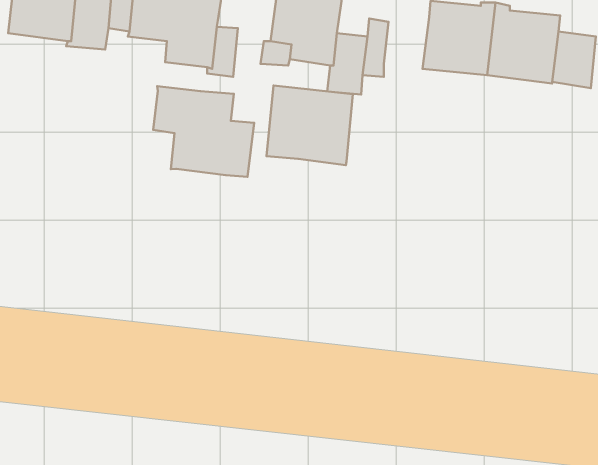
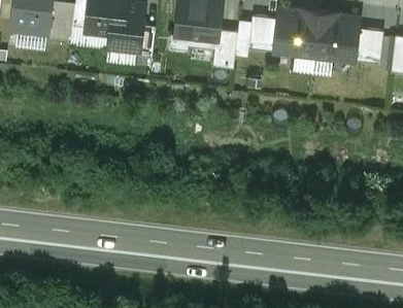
building: none -> [248,15,277,52]
building: [266,85,353,165] -> none
building: [153,86,254,177] -> none

